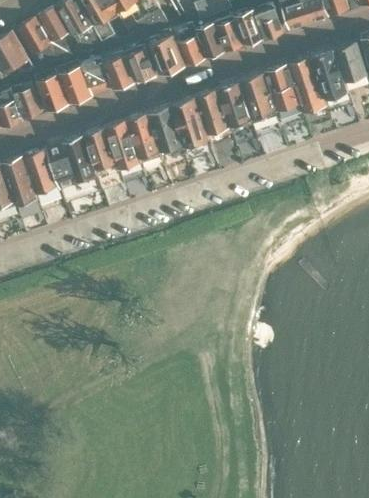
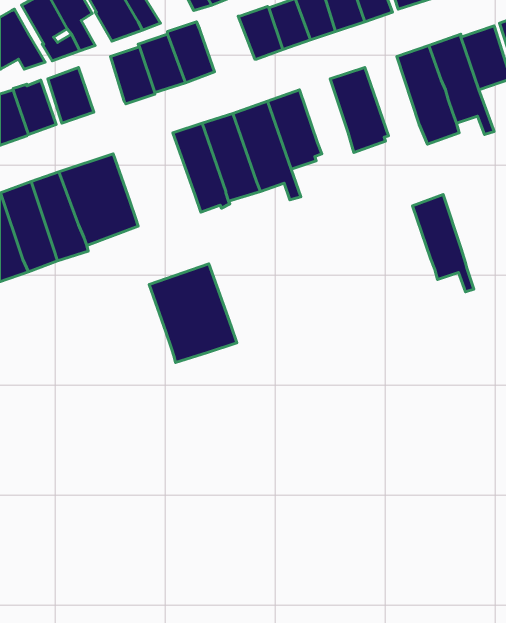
building: [148,34,185,75] -> none
building: [58,64,91,104] -> none
building: [264,64,303,121] -> none
building: [217,80,261,150] -> [413,195,474,292]
building: [83,119,146,190] -> [149,264,237,362]

